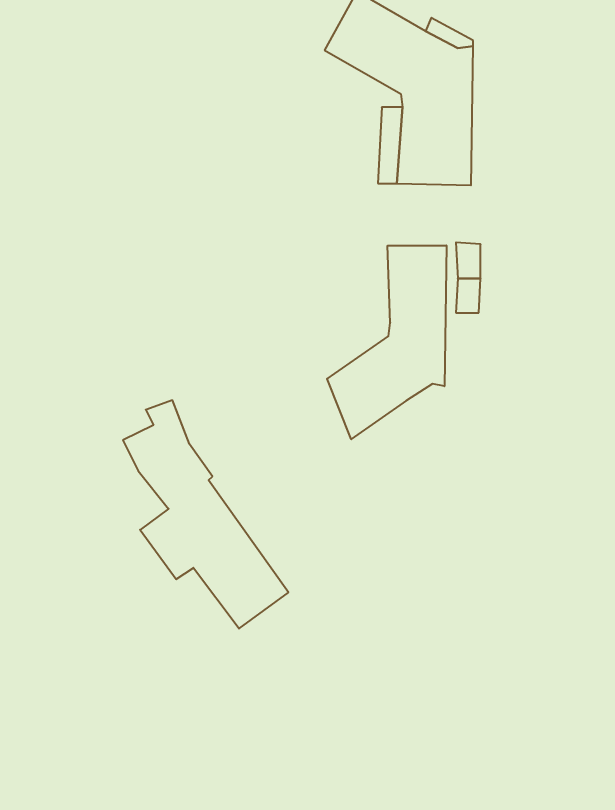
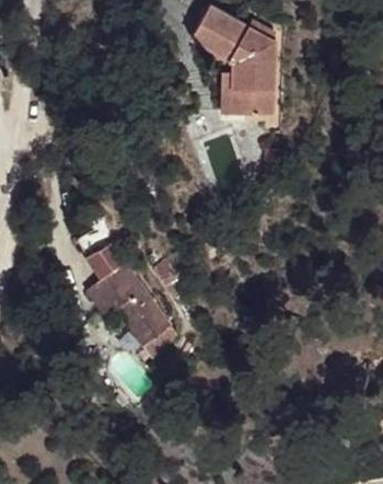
building: [327,245,446,439] -> none

